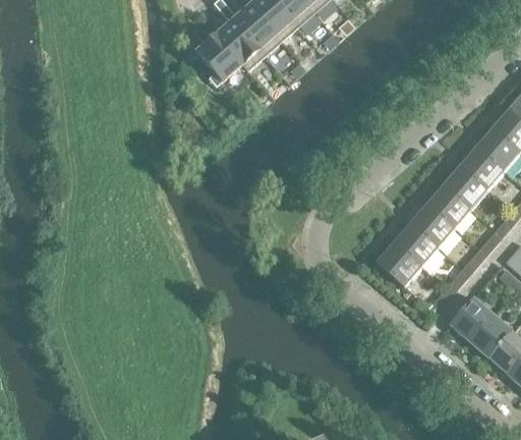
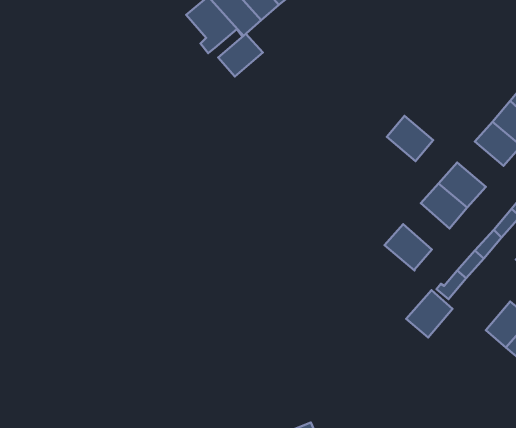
building: none -> [218,34,263,76]
building: [446,166,488,208] -> [387,116,433,161]
building: [396,223,439,266] -> none
building: [452,296,495,340] -> [406,290,452,338]

